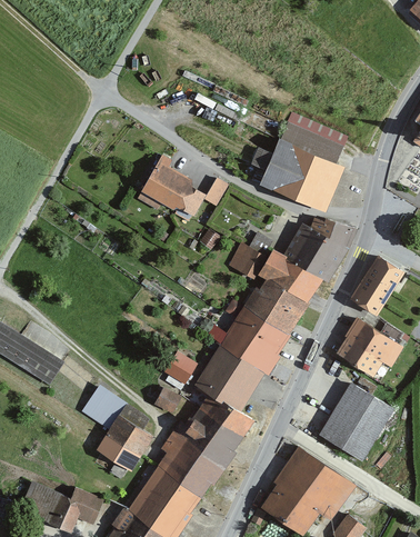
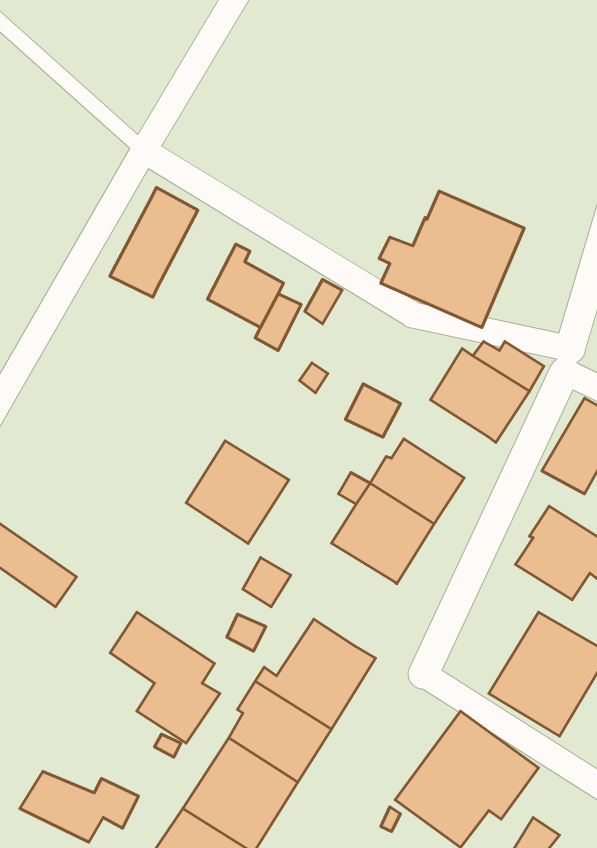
building: none -> [110,188,198,297]
building: [259,247,321,301] -> none
building: [198,342,262,407] -> [186,441,289,543]

